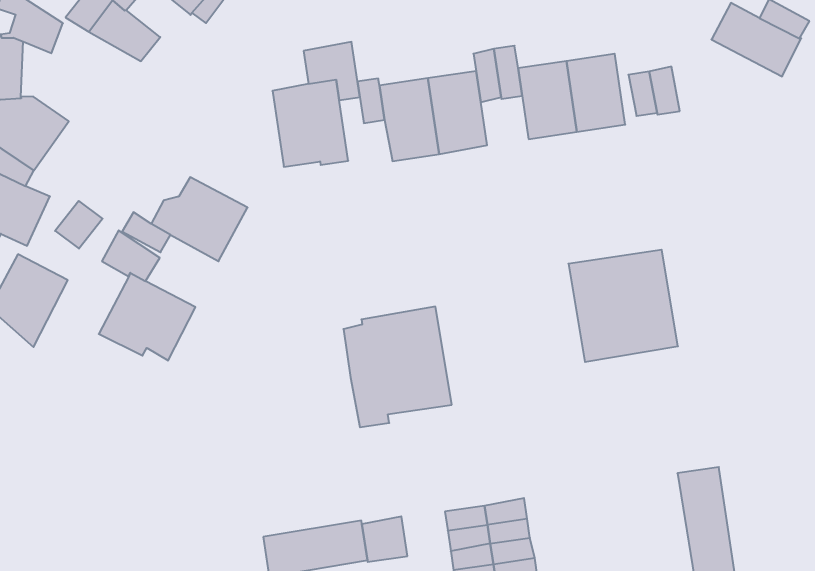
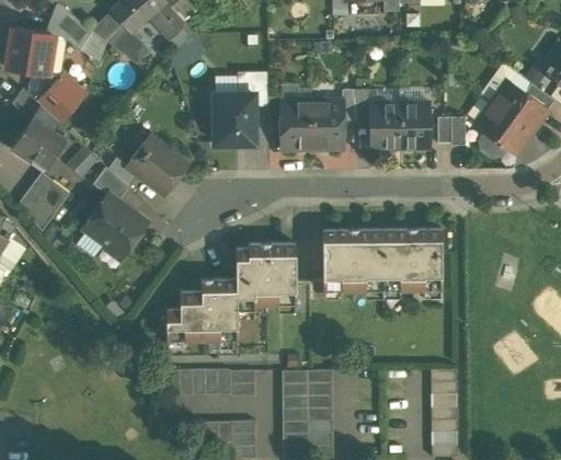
building: none -> [477,103,533,156]
building: none -> [323,229,383,291]
building: none -> [167,279,238,342]

